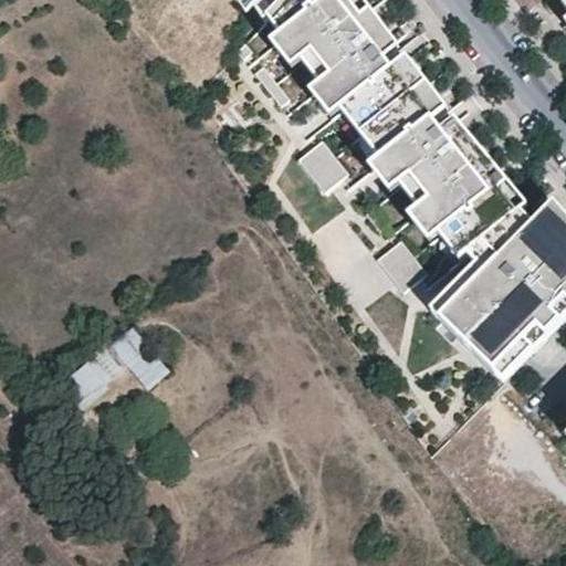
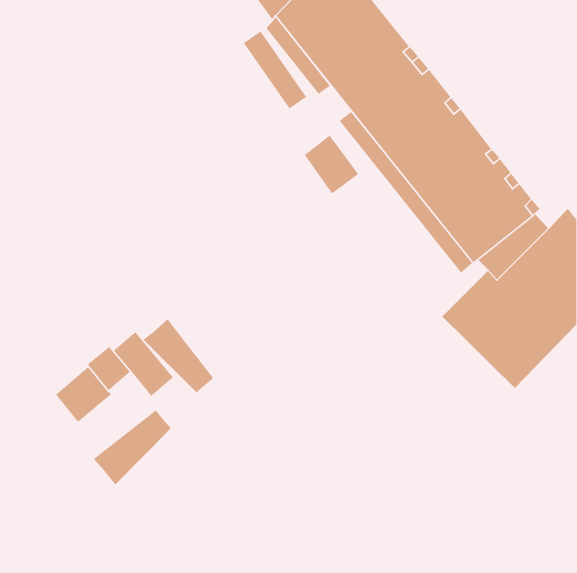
building: none -> [142,319,214,394]
building: none -> [93,410,172,486]

